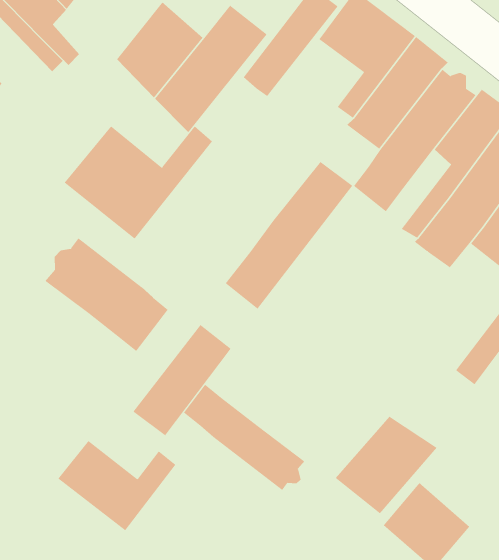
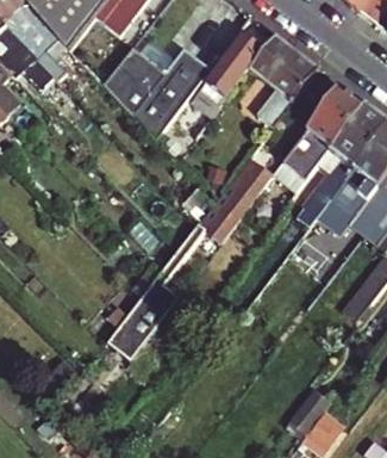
building: [64,125,213,239] -> none
building: [45,238,169,352] -> none
building: [183,384,305,491] -> none
building: [335,416,438,514] -> none
building: [57,440,176,531] -> none

